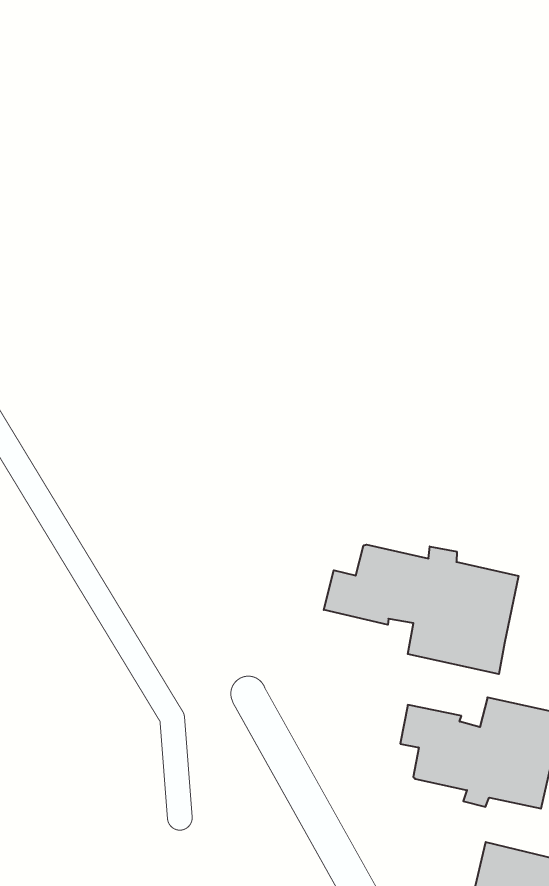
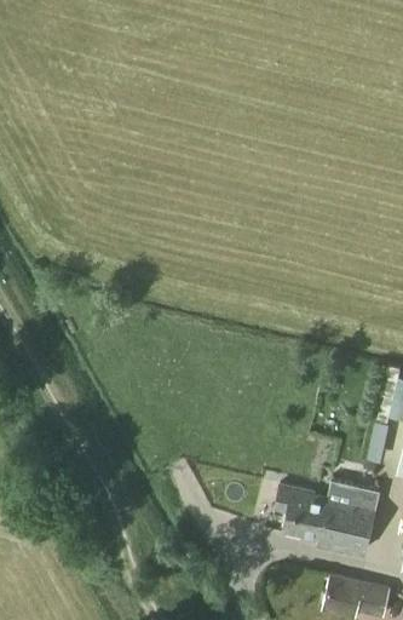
building: [324,545,519,674] -> none

